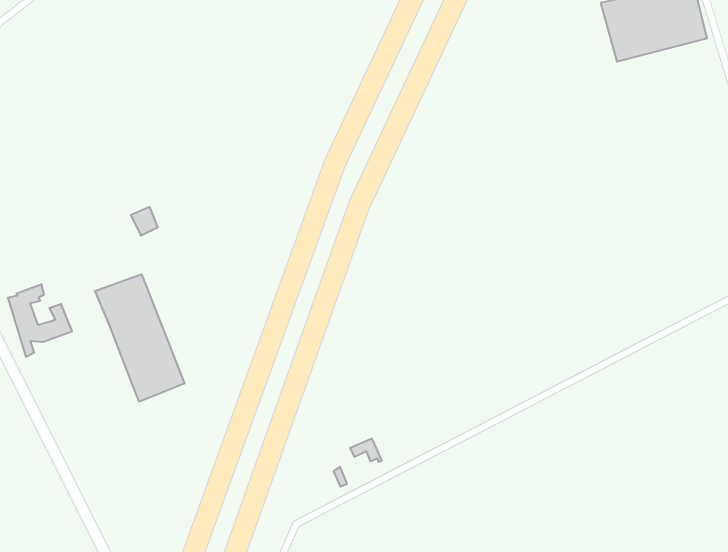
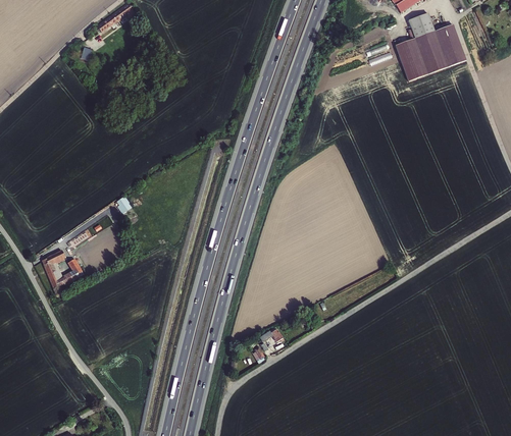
building: [95,274,184,402] -> none

